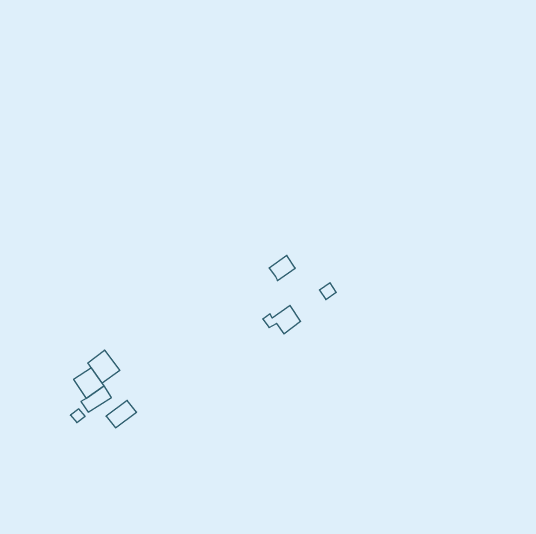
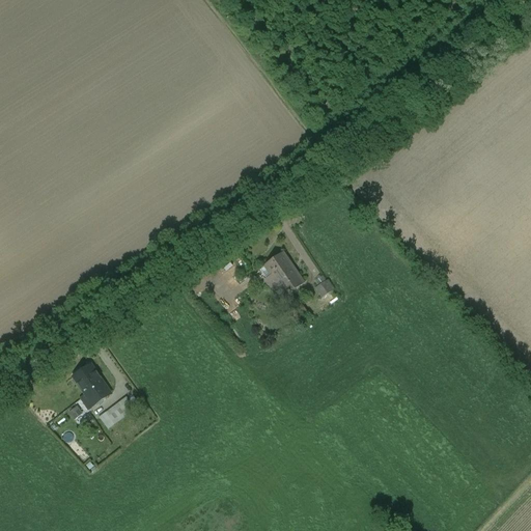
building: [263,305,301,334] -> [264,264,302,292]
building: [88,350,120,383] -> none

